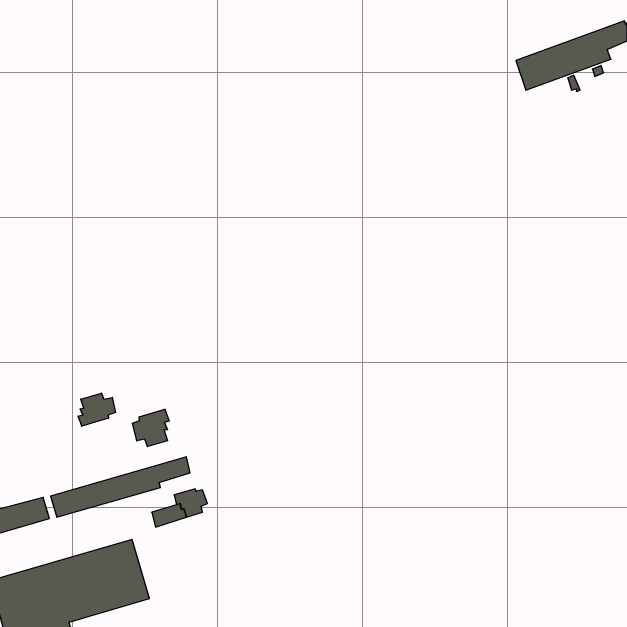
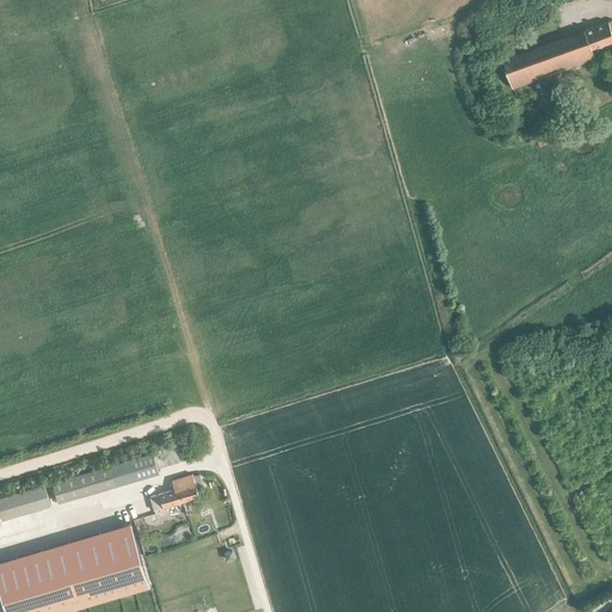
building: [78,393,116,426] -> none
building: [133,409,169,447] -> none

